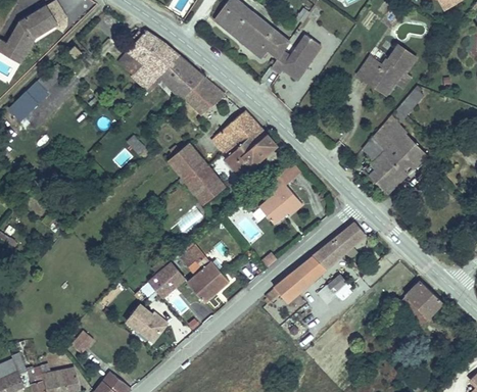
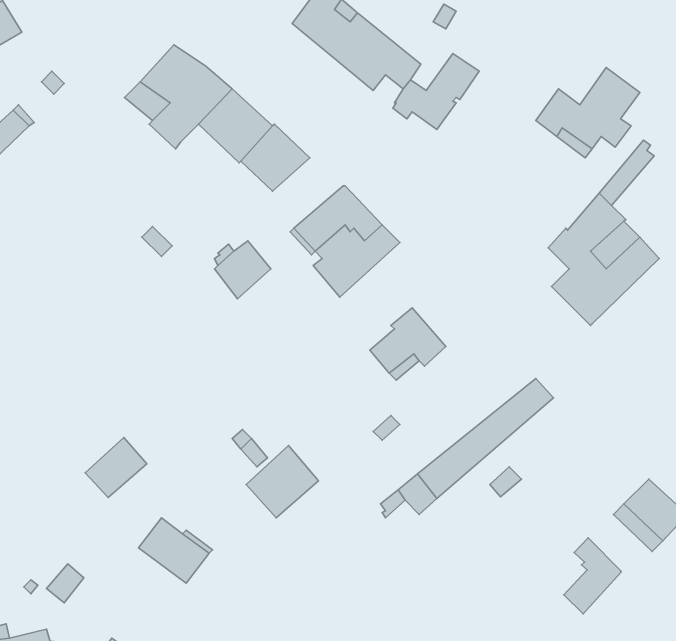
building: [182,160,222,201] -> none
building: [149,263,185,298] -> [85,437,147,498]
building: none -> [564,538,621,614]

